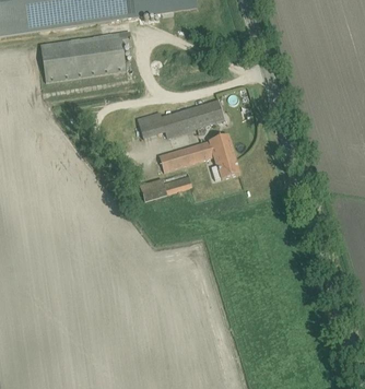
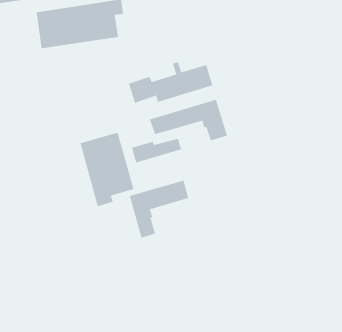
building: none -> [80,132,134,207]
building: none -> [129,180,189,238]

